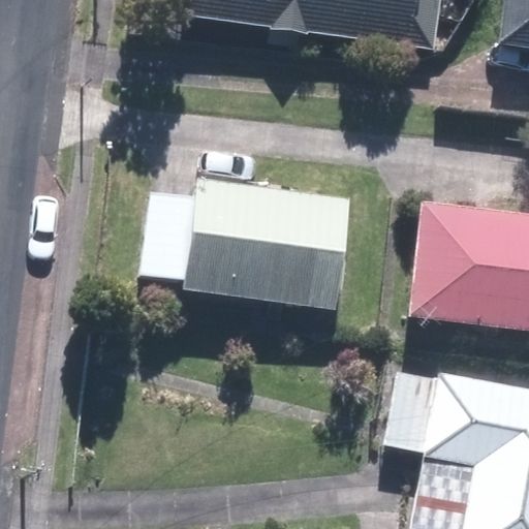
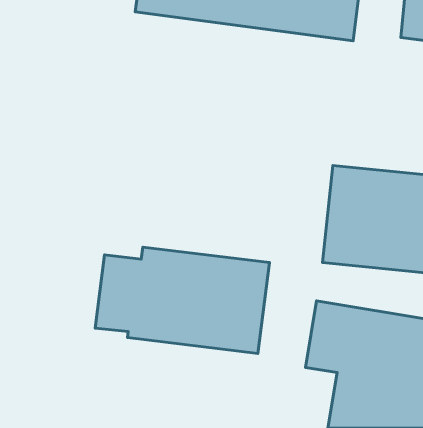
building: [142,180,353,309] -> [95,247,270,354]

